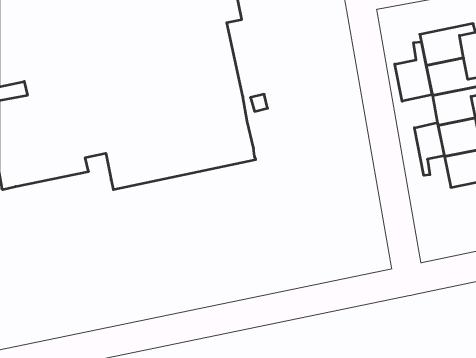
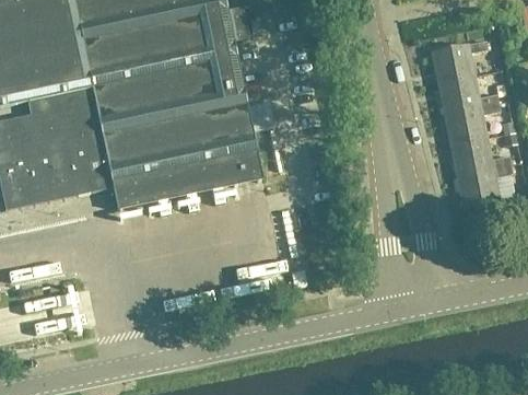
building: [395,42,432,101] -> none
building: [414,123,444,175] -> none

